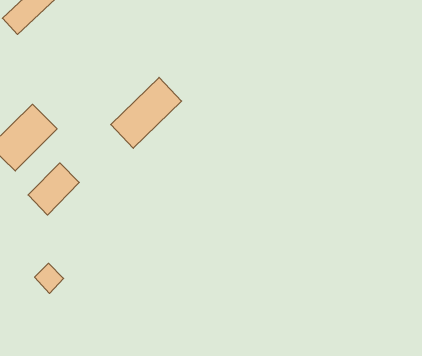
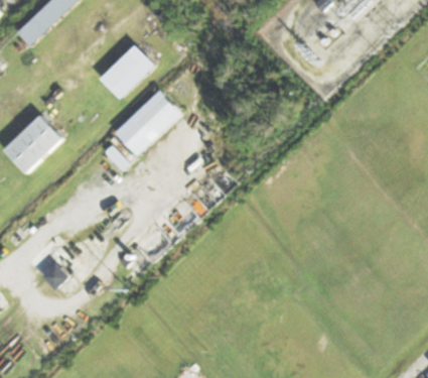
building: none -> [102,45,155,99]
building: [28,163,79,215] -> none

